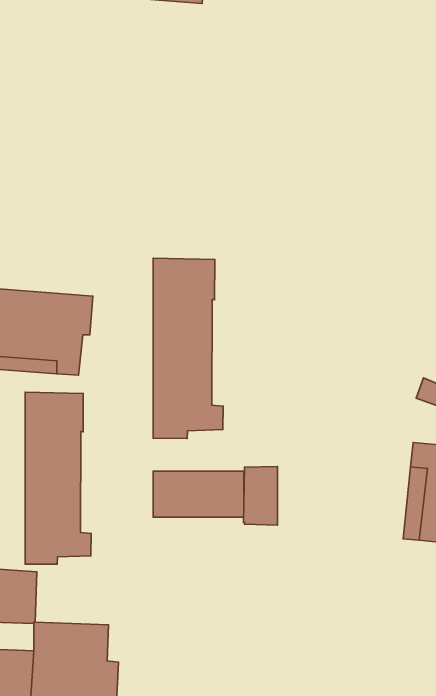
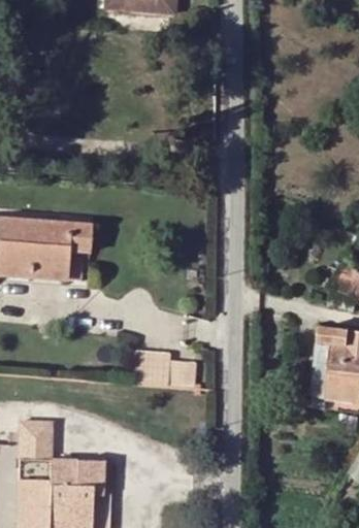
building: [153,258,223,438] -> none
building: [25,392,91,564] -> none
building: [244,467,277,525] -> none

